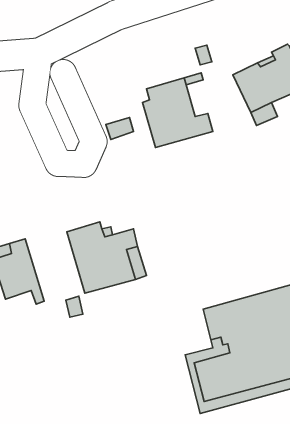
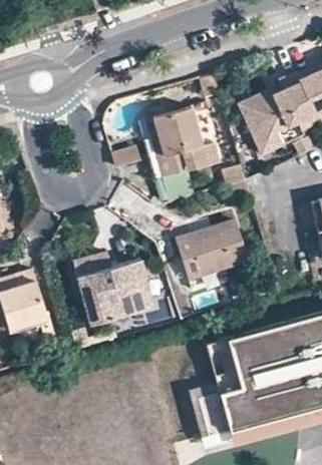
building: none -> [176,219,249,293]

